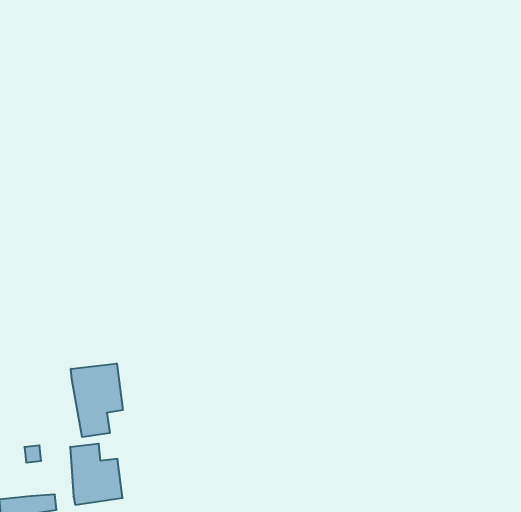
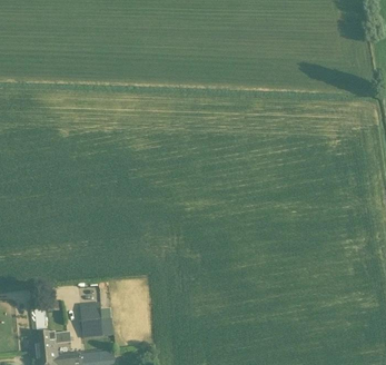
building: [71,363,123,437] -> none

